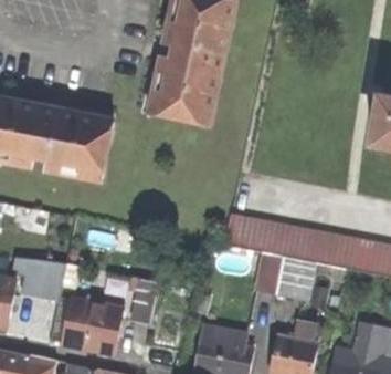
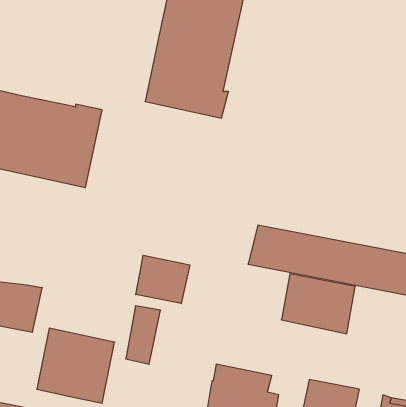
building: none -> [136,255,190,304]

